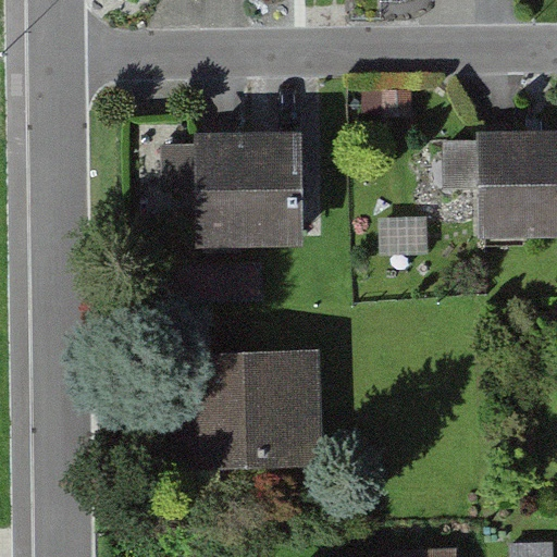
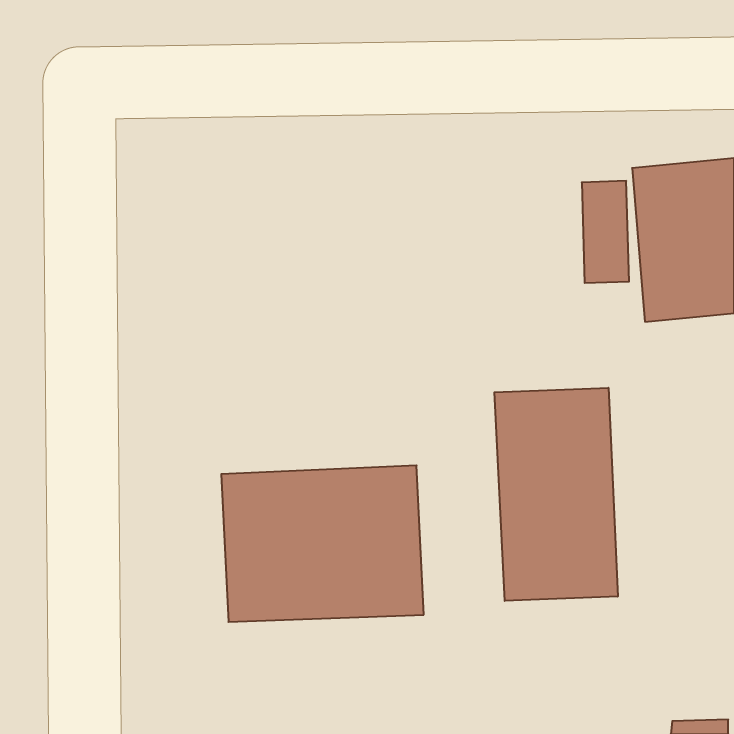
building: [196,127,310,253] -> none
building: none -> [494,388,618,601]

